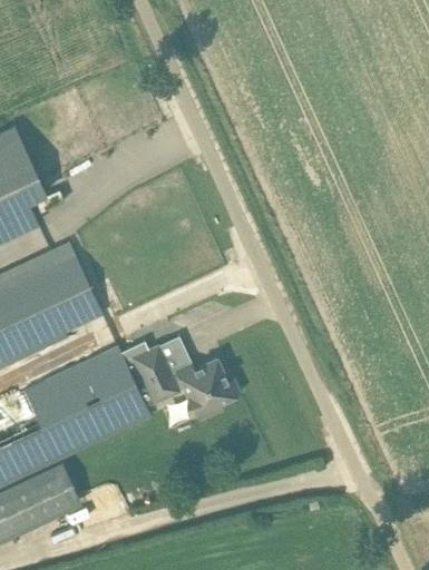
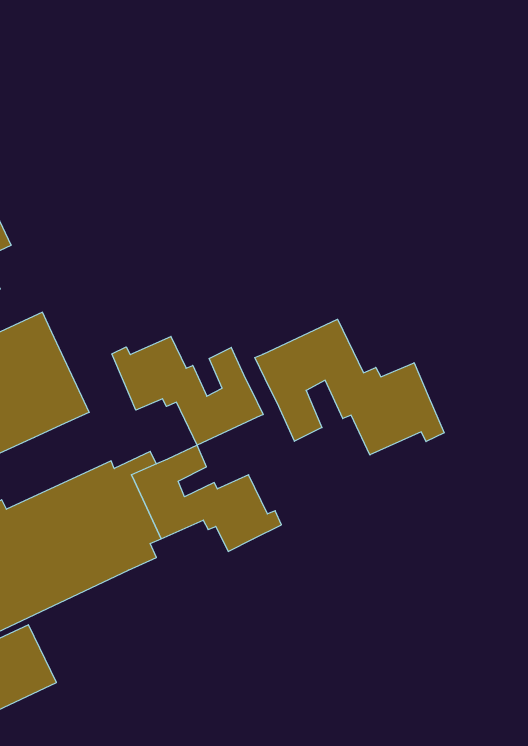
building: none -> [255,319,444,455]
building: none -> [112,336,263,445]

